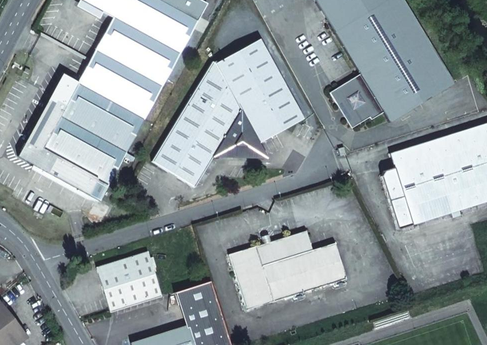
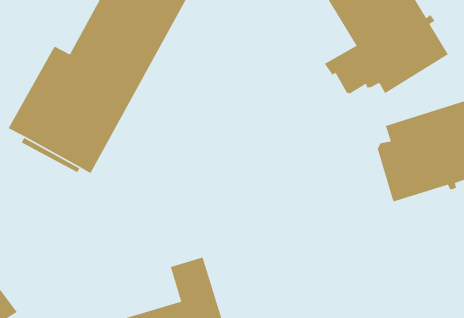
building: [152,39,304,186] -> none
building: [229,230,347,309] -> none
building: [98,251,162,311] -> none

